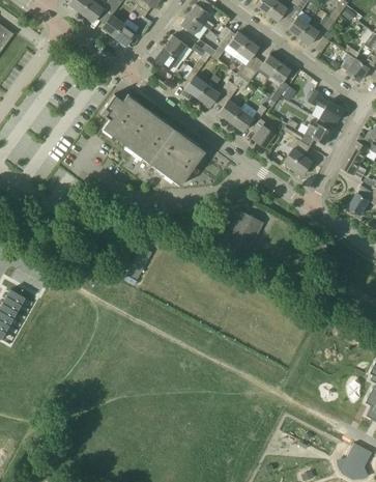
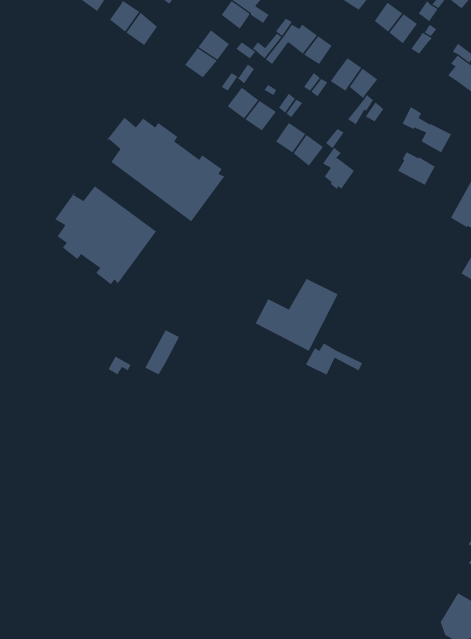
building: [285,137,313,174] -> none
building: [161,138,206,185] -> none
building: none -> [52,186,157,285]
building: none -> [305,343,363,376]

